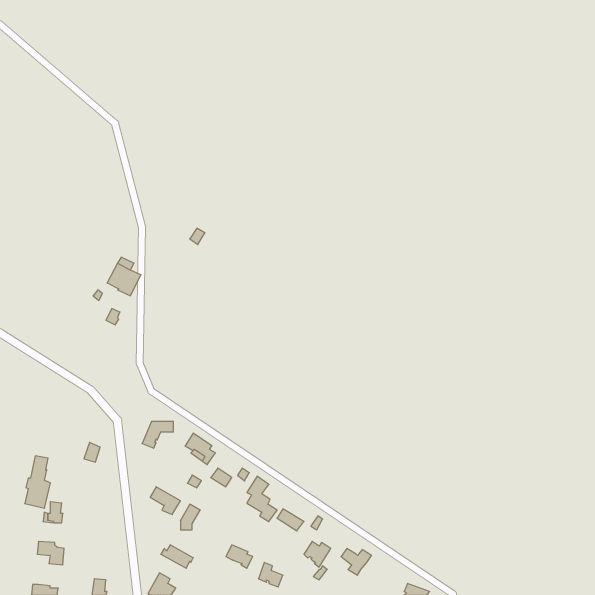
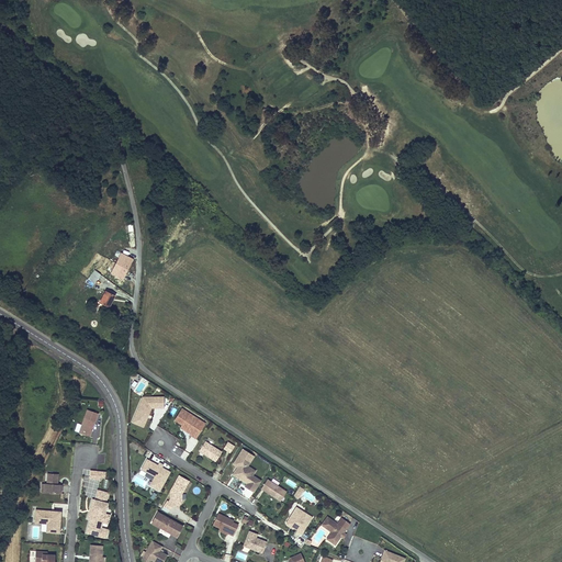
building: [25,456,50,508] -> [86,490,110,539]

